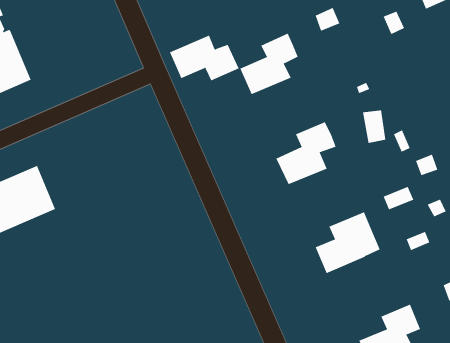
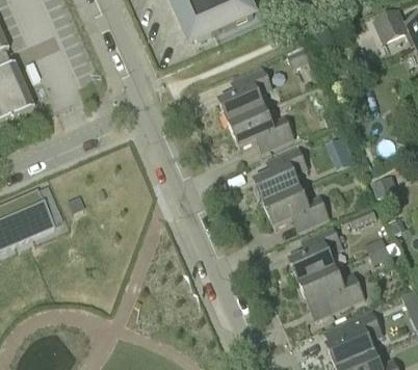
building: [169,35,240,81] -> [229,106,292,148]
building: none -> [262,188,325,228]
building: none -> [296,267,361,308]

